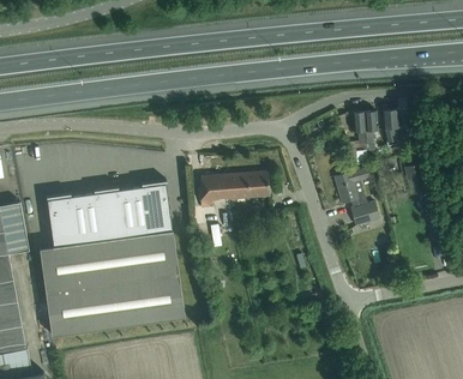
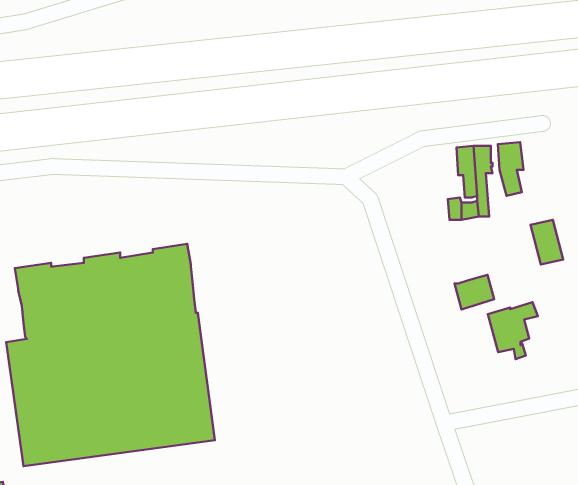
building: [335,170,369,210] -> [488,302,538,359]
building: [199,174,270,210] -> none

